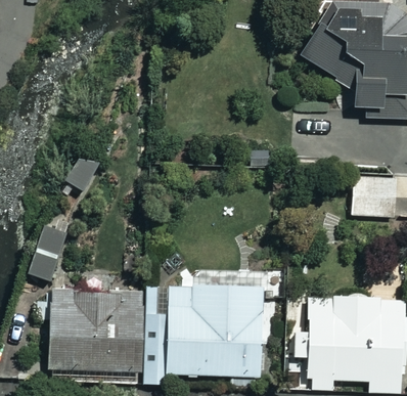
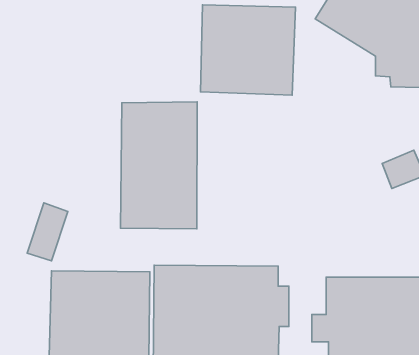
building: none -> [201,5,295,95]
building: none -> [121,102,197,229]

